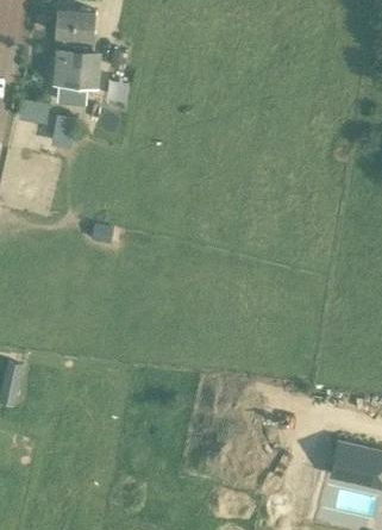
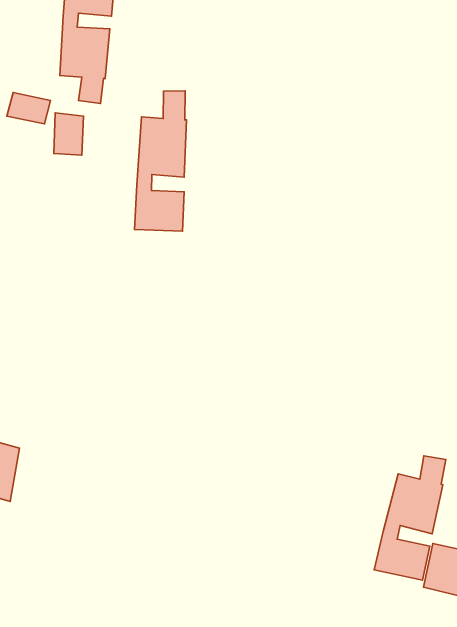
building: none -> [134,91,186,231]
building: none -> [374,456,446,580]

